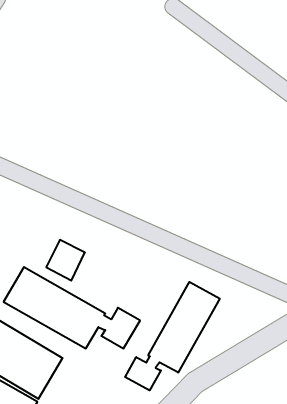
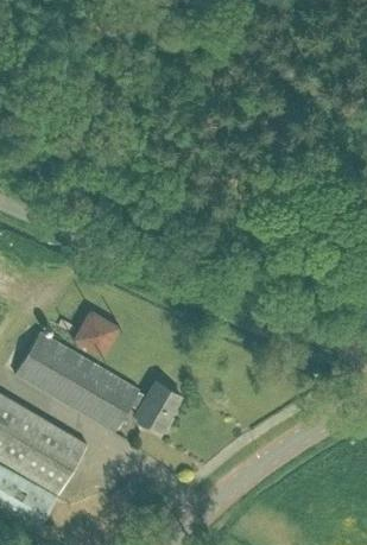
building: [125,282,220,390] -> none

